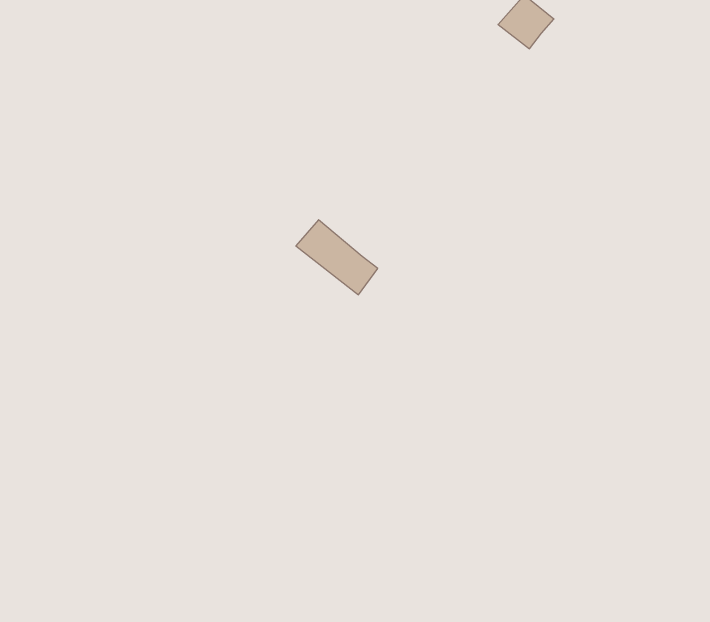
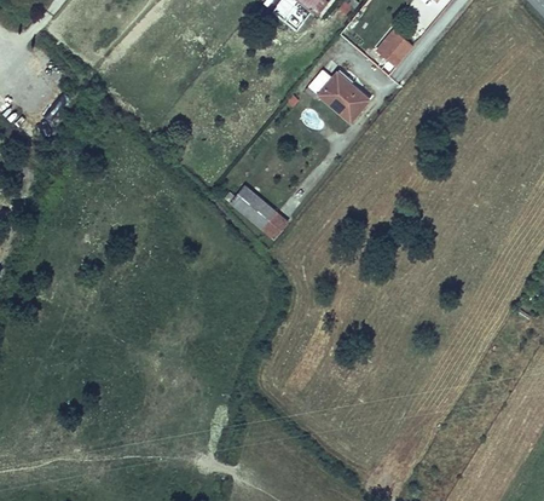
building: none -> [308,74,365,120]

